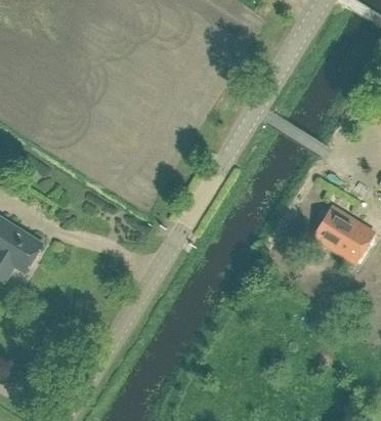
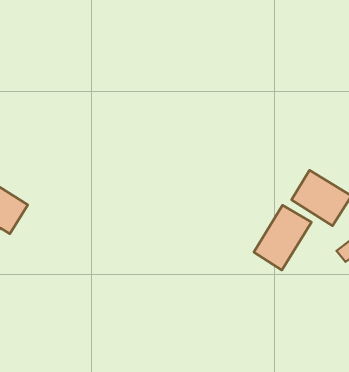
building: none -> [254,205,311,270]

